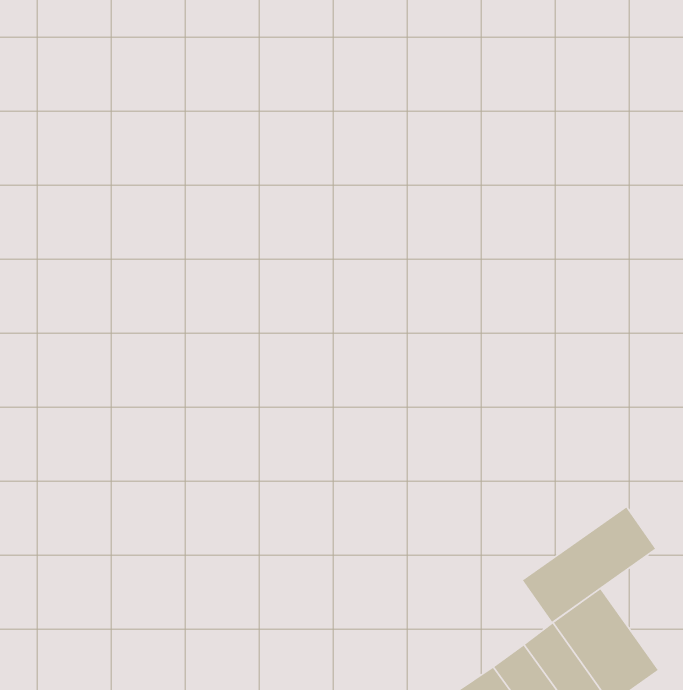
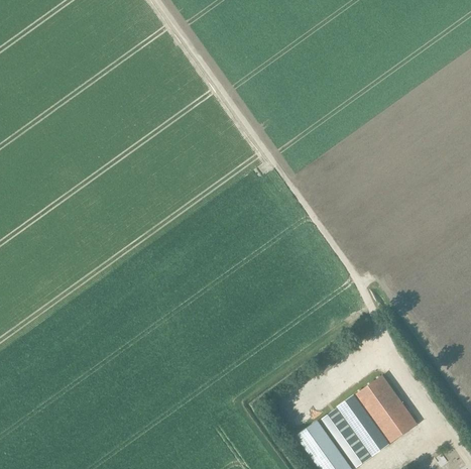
building: [522,506,656,623] -> none

